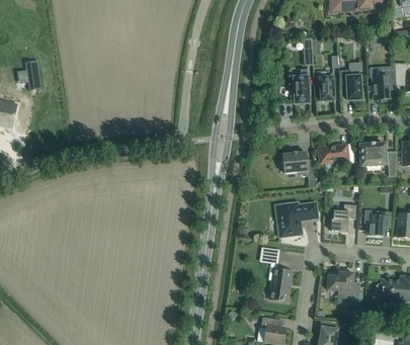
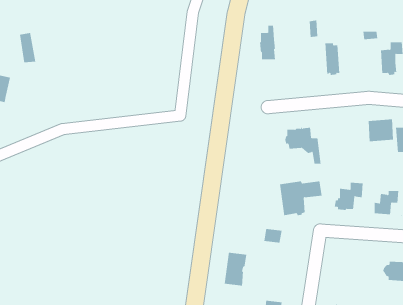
building: [294,69,310,102] -> [259,25,276,60]
building: [339,69,362,99] -> none
building: [319,145,349,162] -> none
building: [270,268,293,300] -> [224,252,247,286]
building: [328,270,360,304] -> none

